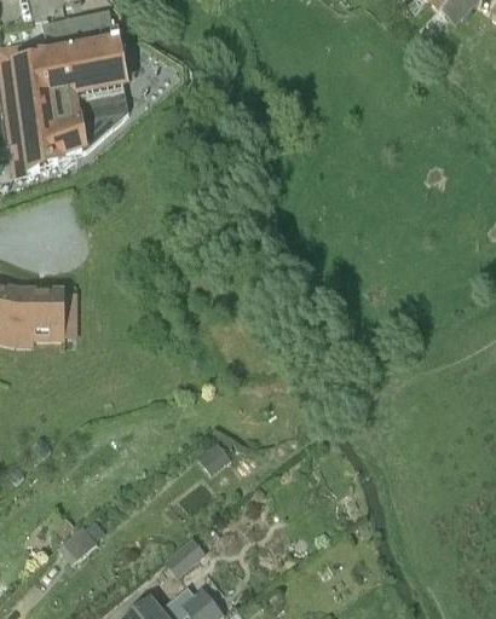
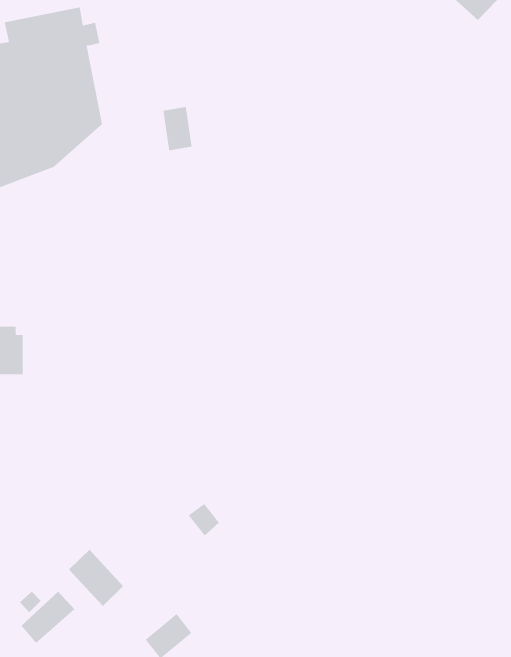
building: none -> [163,106,192,151]
building: none -> [68,549,124,607]

